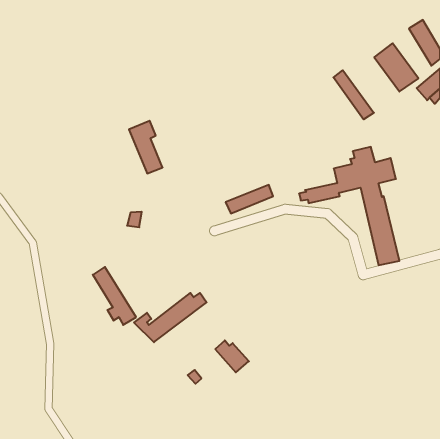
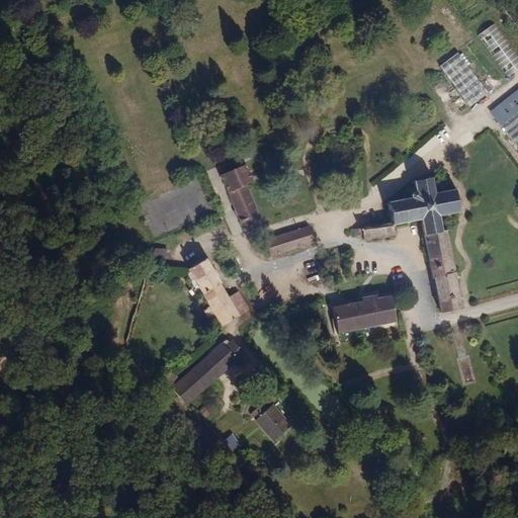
building: [333,70,374,119] -> none
building: [129,121,163,173] -> [221,165,260,227]
building: none -> [333,294,399,334]
building: [93,267,136,325] -> [192,256,243,324]

